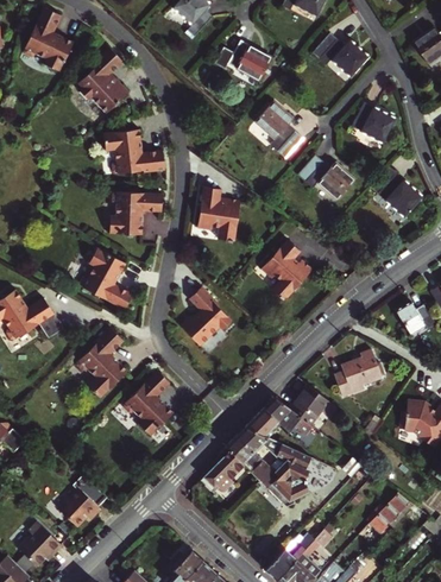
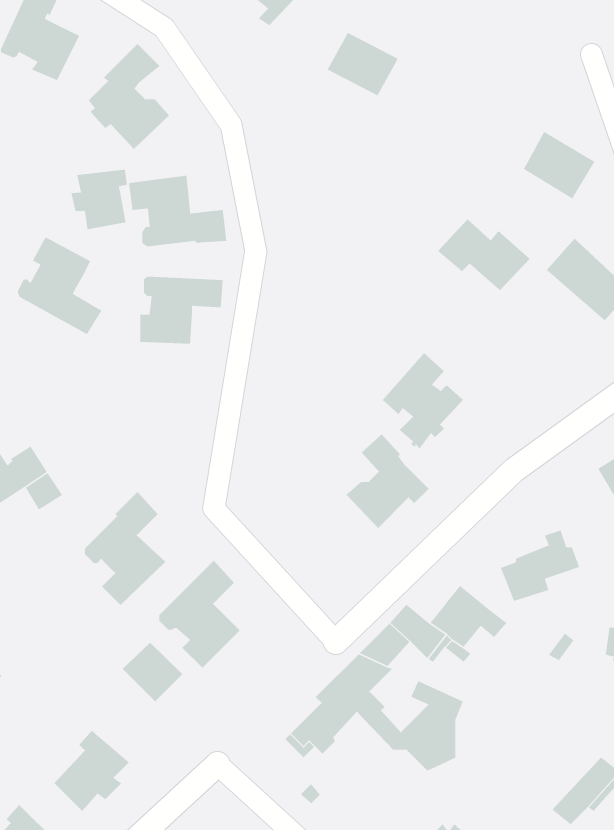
building: [313,34,366,80] -> none
building: [253,101,300,157] -> none
building: none -> [71,169,128,230]
building: [197,188,241,243] -> none
building: [80,248,133,310] -> [17,236,103,335]
building: [182,289,234,348] -> [346,433,430,529]
building: none -> [122,642,183,702]

